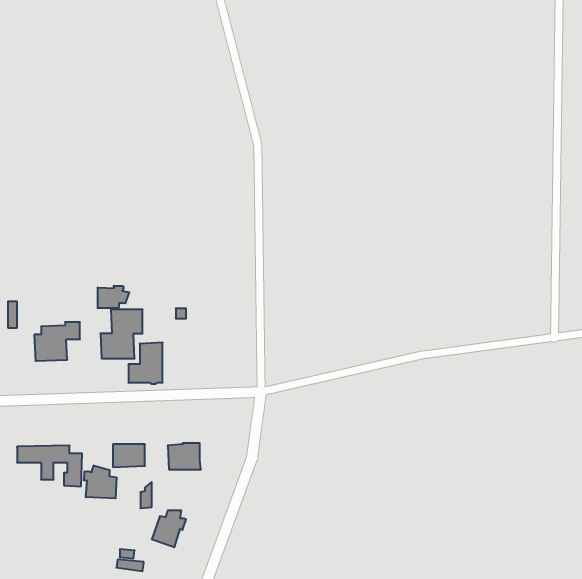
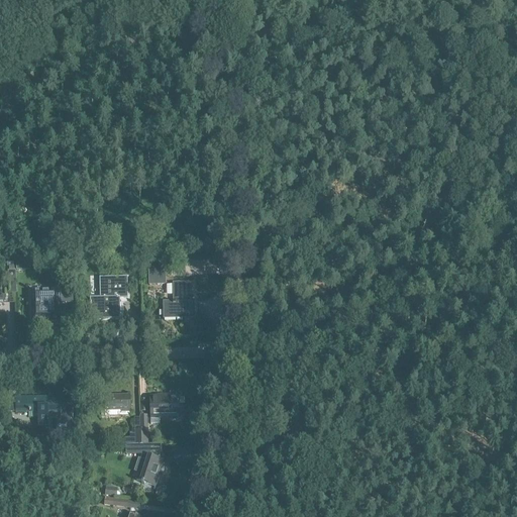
building: [98,286,129,308] -> none
building: [128,343,163,384] -> [163,280,193,316]
building: [84,465,116,498] -> none

